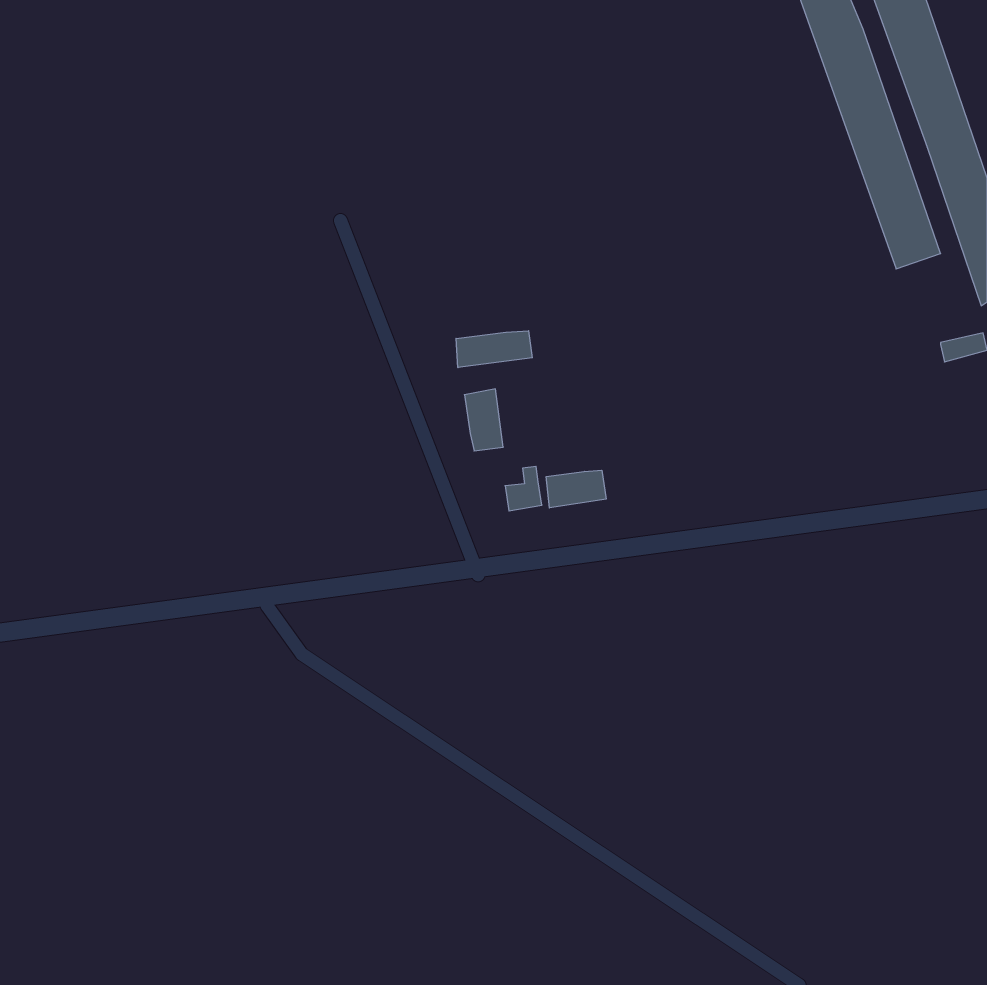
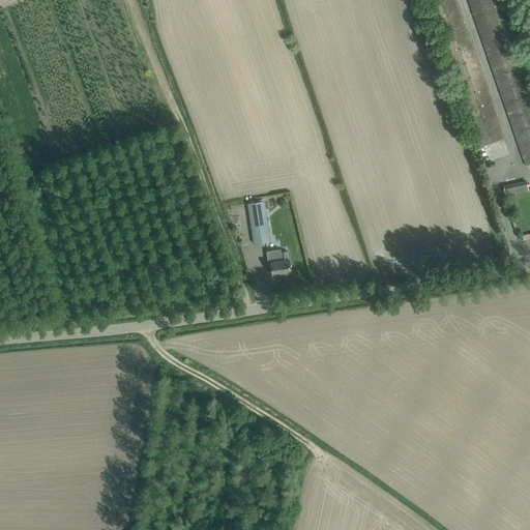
building: [456,331,532,368] -> none
building: [546,470,606,508] -> none

